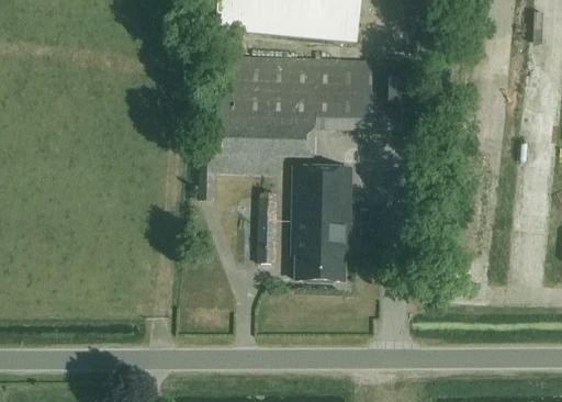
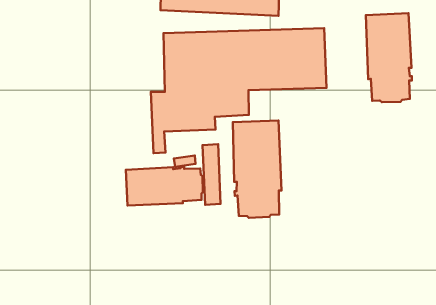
building: none -> [366,13,412,102]
building: none -> [126,167,203,205]

